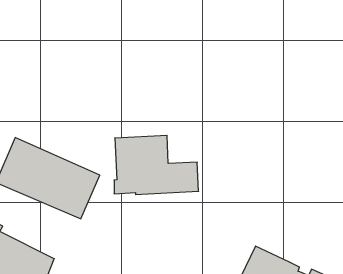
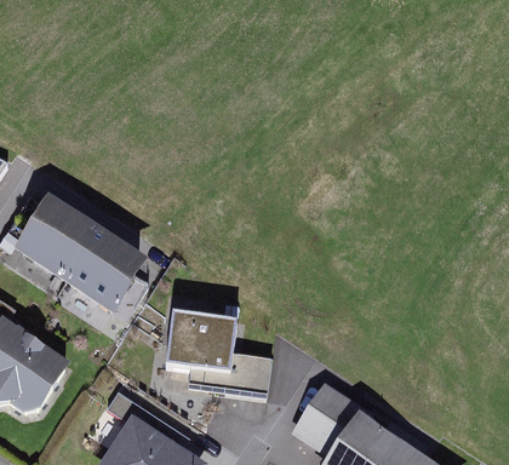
building: [114,135,199,195] -> [160,311,269,392]

